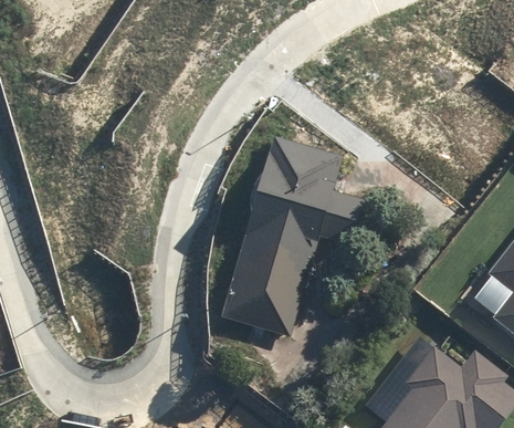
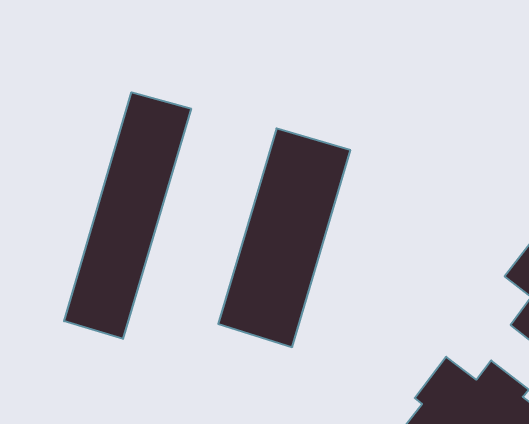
building: none -> [64,92,191,339]

